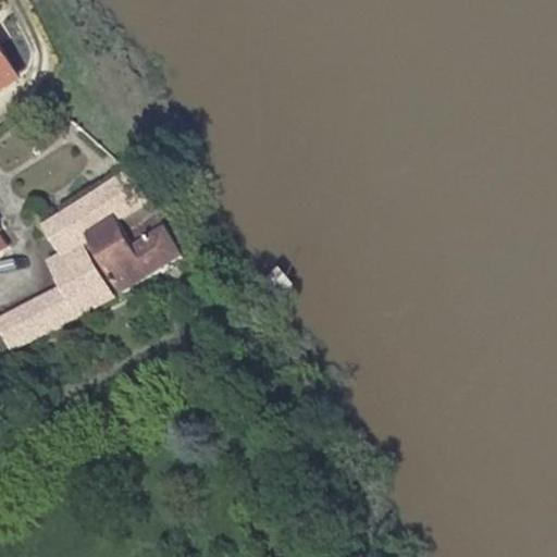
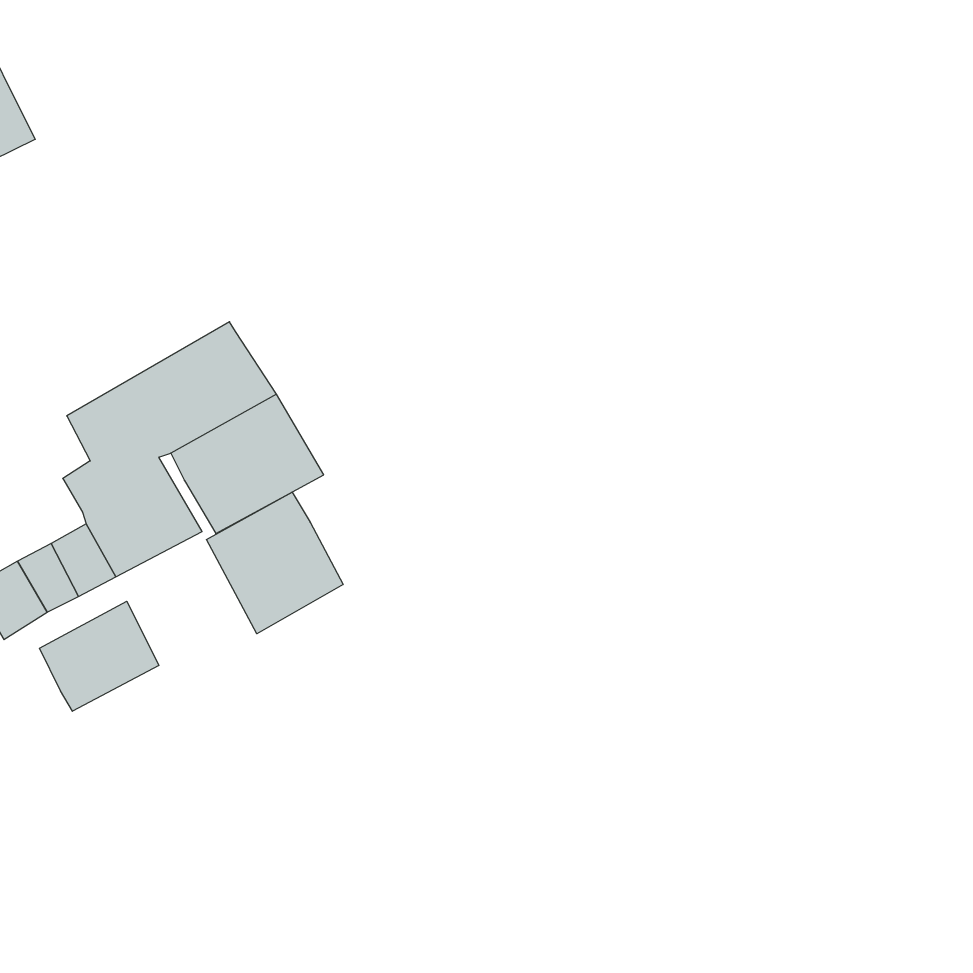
building: none -> [206,492,343,634]
building: none -> [39,601,159,711]

